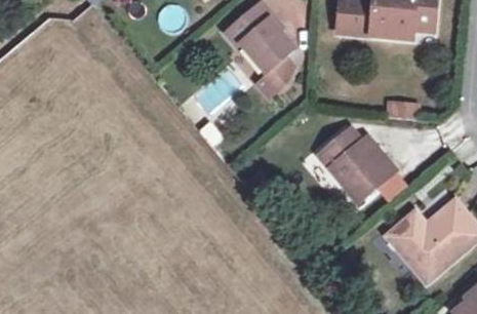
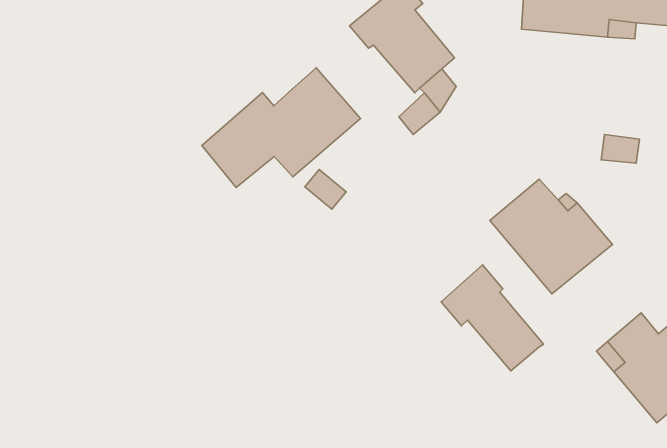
building: none -> [202,68,360,188]
building: none -> [441,265,543,371]

